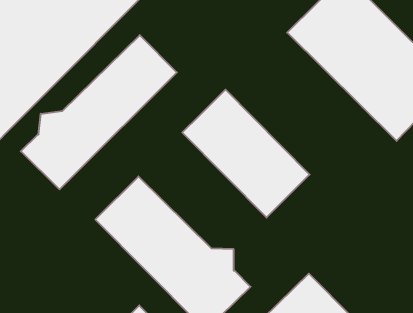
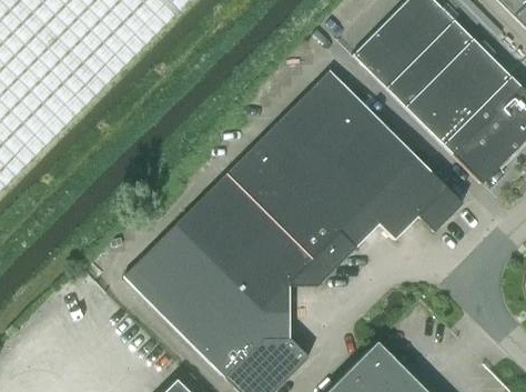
building: [21,35,177,189] -> none
building: none -> [279,70,463,239]
building: none -> [175,173,327,312]

